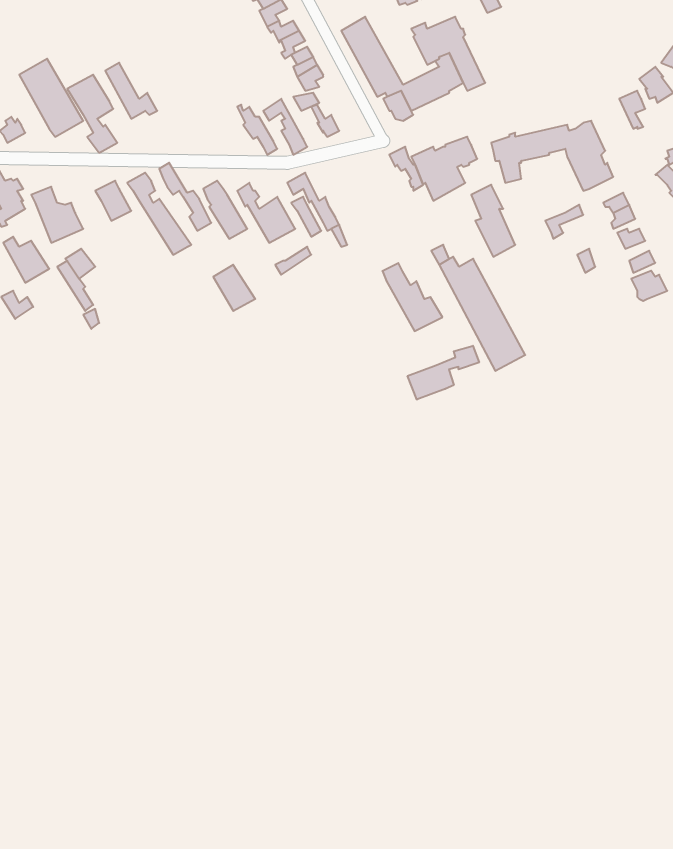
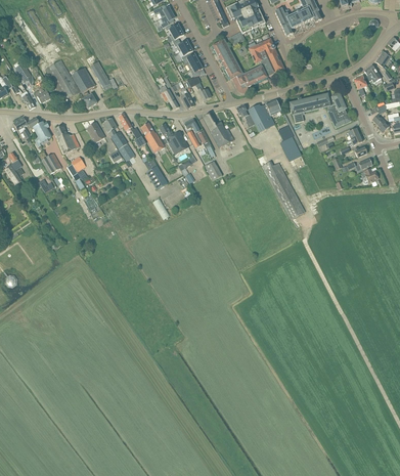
building: [382,263,442,331] -> [204,112,234,146]
building: [408,346,479,400] -> none

